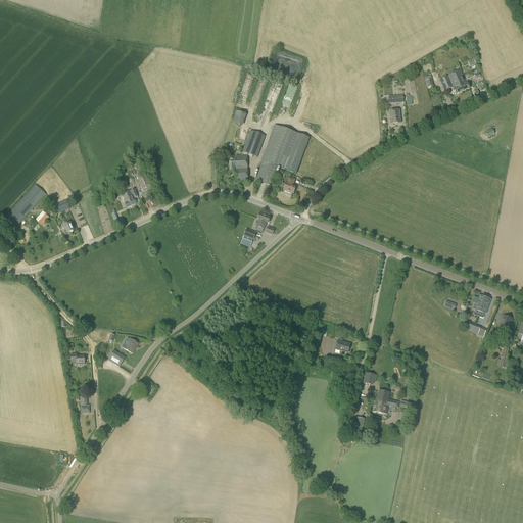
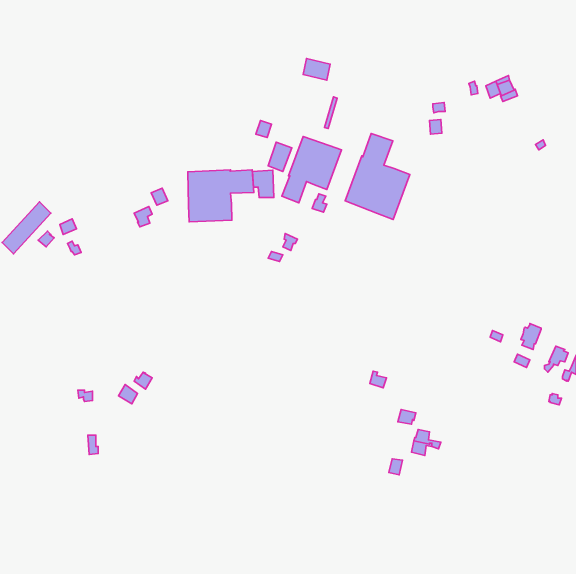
building: none -> [345,133,410,219]
building: none -> [188,170,254,222]

